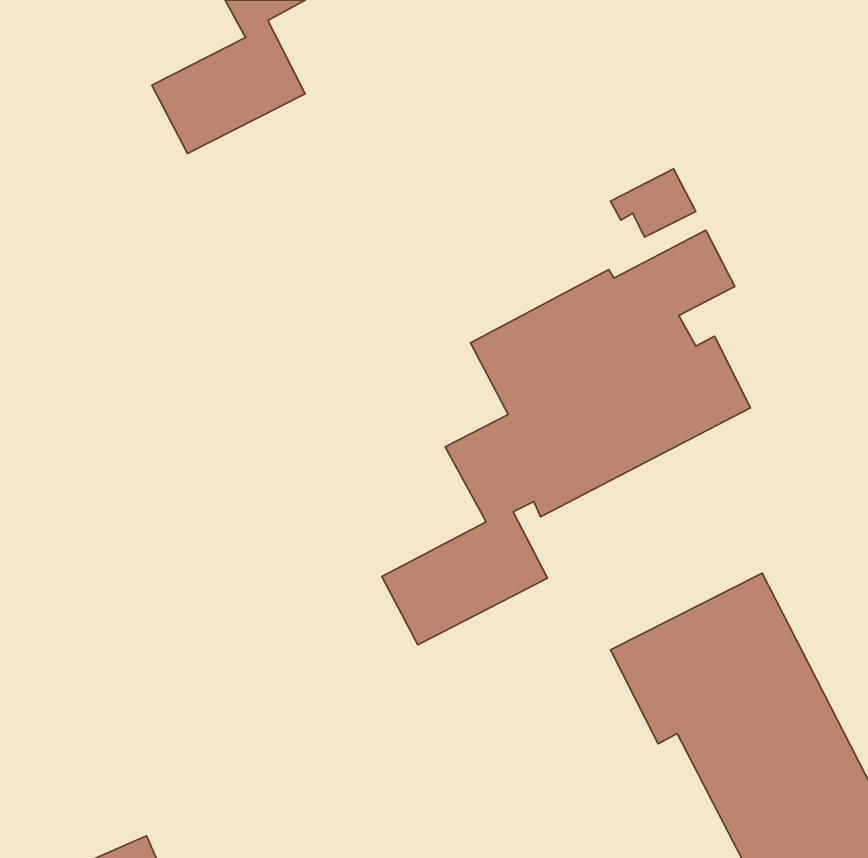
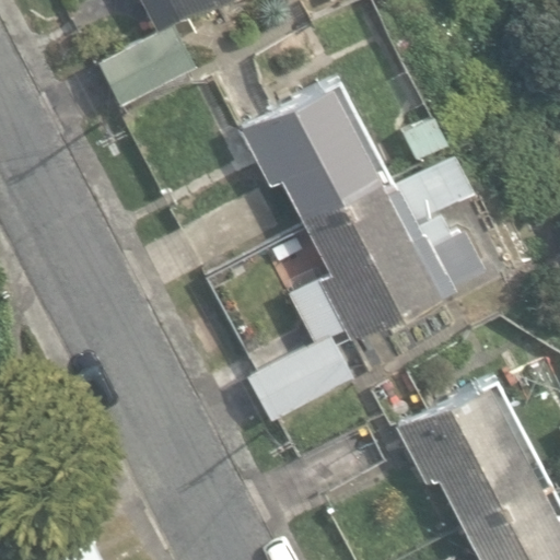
building: none -> [238,78,393,229]

